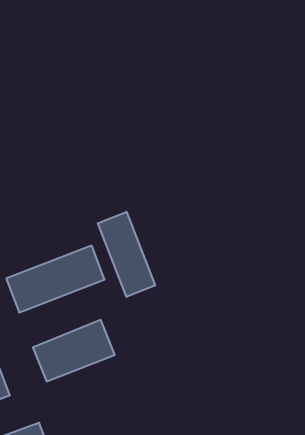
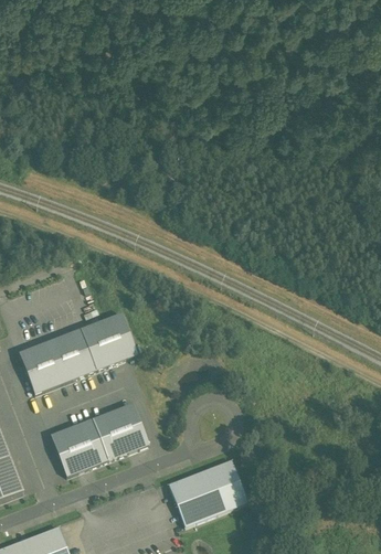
building: [98,212,155,297] -> none
building: none -> [168,458,247,525]

